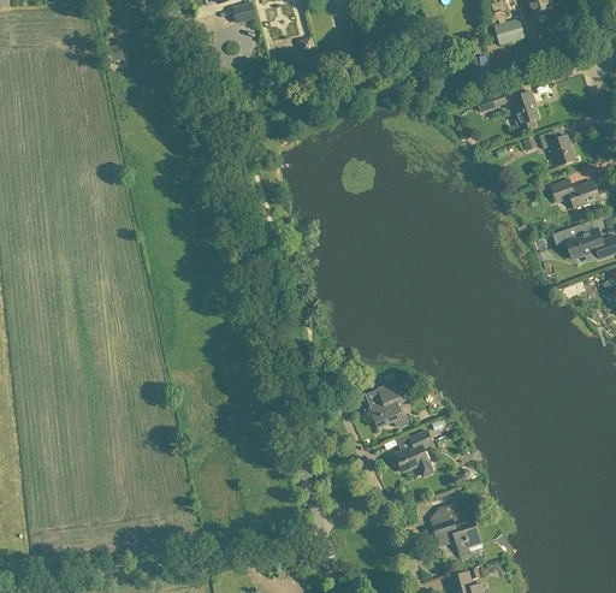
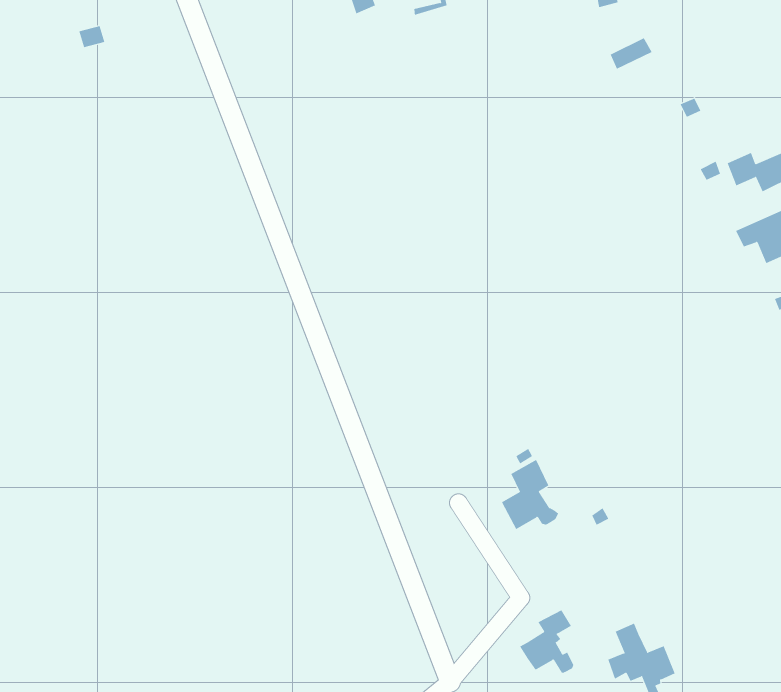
building: [509,91,537,131] -> none
building: [538,130,574,165] -> none
building: [393,431,432,475] -> [519,610,574,673]

